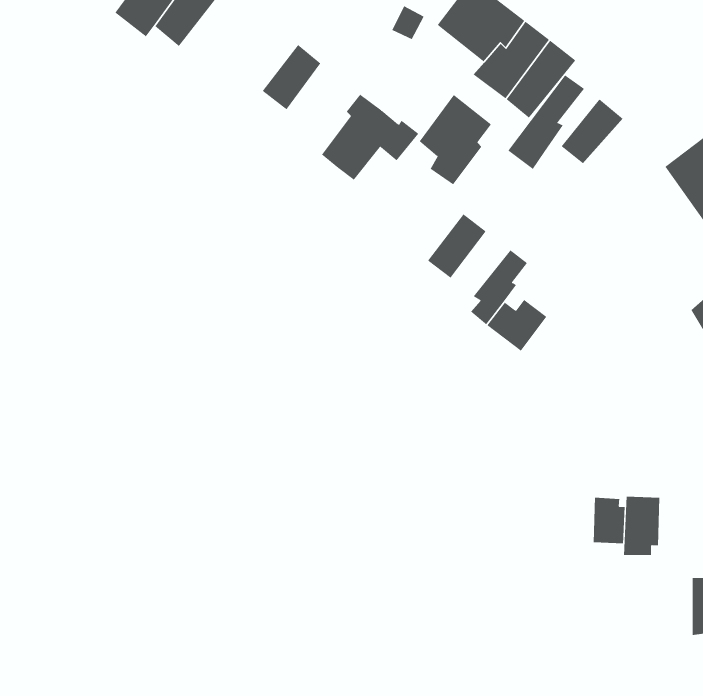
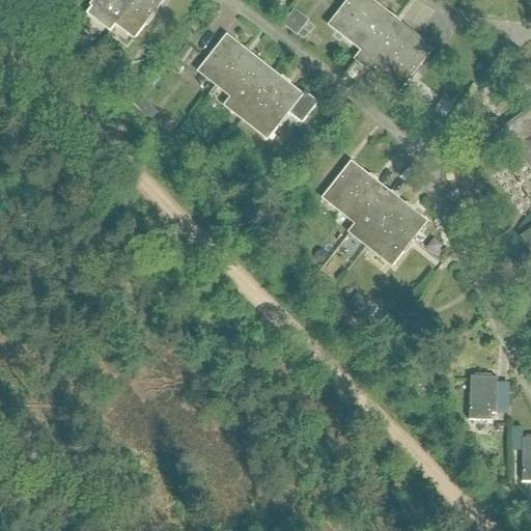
building: [507,74,585,170] -> none
building: [419,94,492,185] -> [217,48,272,116]
building: [561,99,624,164] -> none
building: none -> [340,174,385,223]
building: none -> [381,198,427,239]
building: [593,497,625,544] -> none

